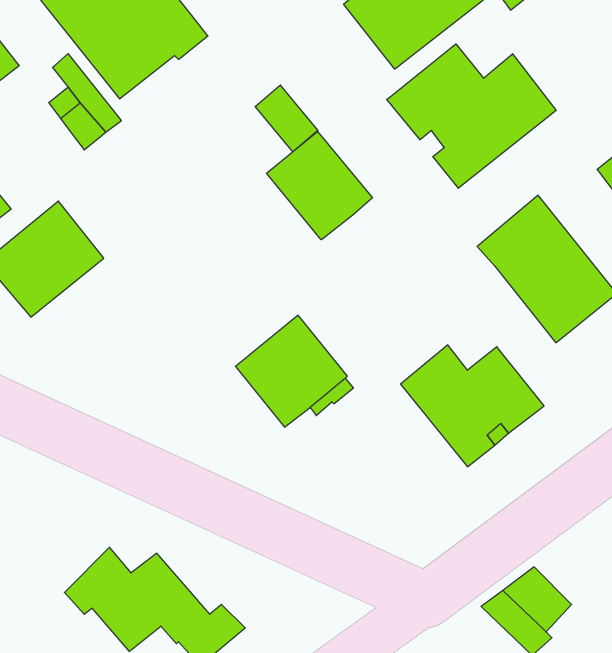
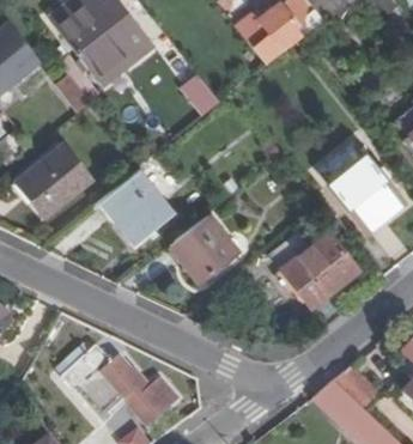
building: [387,44,556,188] -> none
building: [266,131,372,240] -> none
building: none -> [99,170,171,243]

